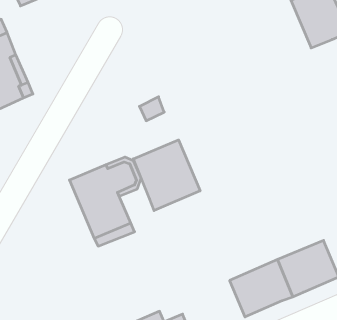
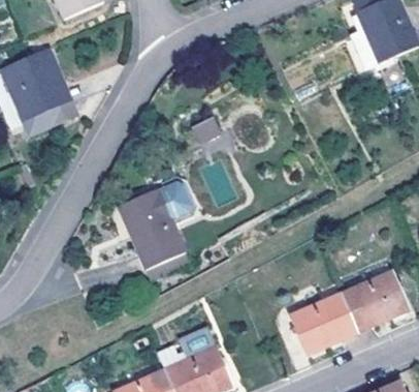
building: [133,140,200,211] -> none

